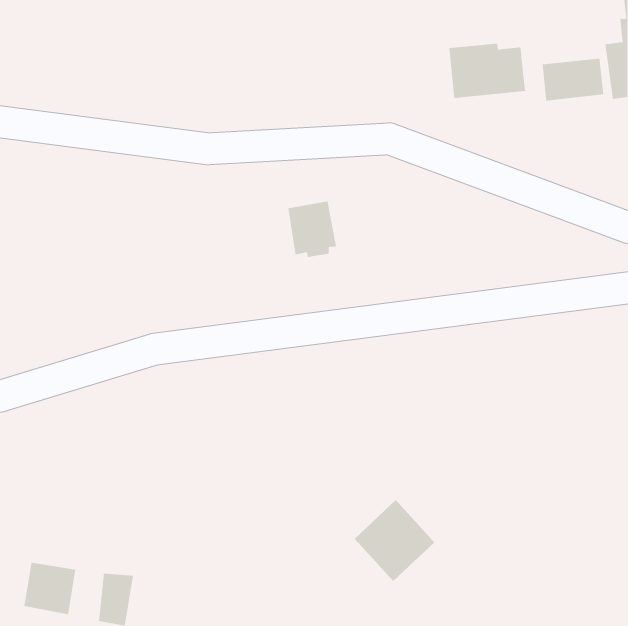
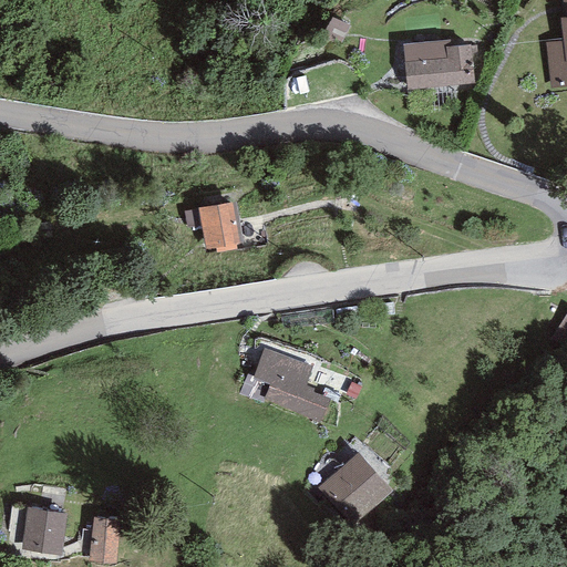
building: [542,58,604,102] -> none
building: [288,201,337,257] -> [198,199,243,250]
building: none -> [252,346,331,422]

